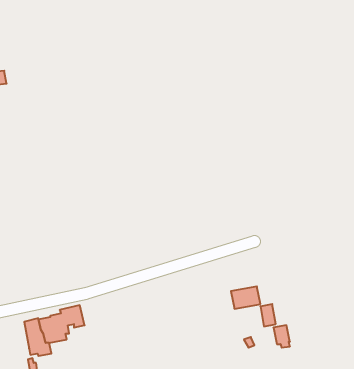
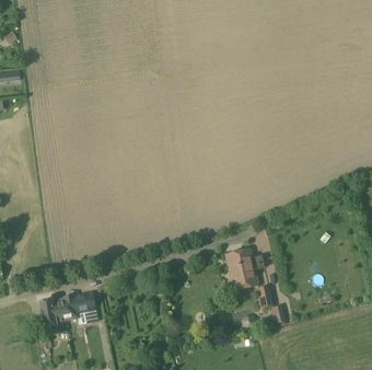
building: none -> [226,248,255,273]

